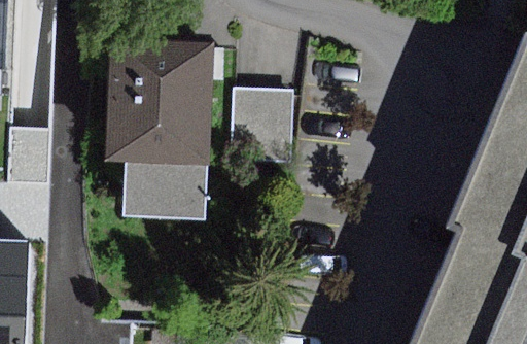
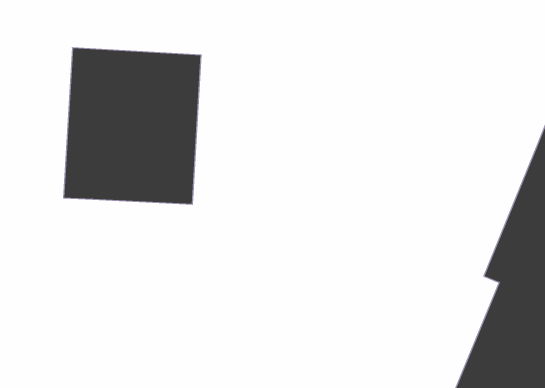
building: [233,90,291,161] -> none
building: [126,164,210,221] -> none

